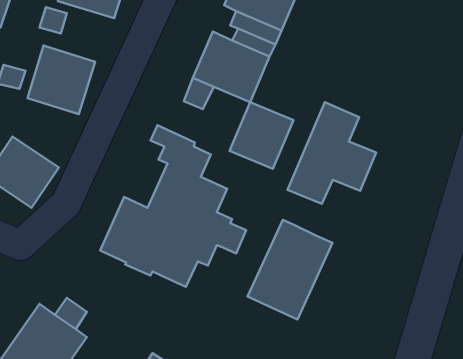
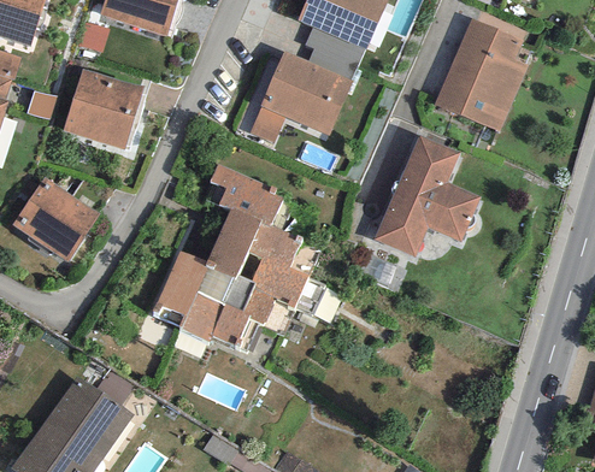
building: none -> [434,18,529,131]
building: [230,102,294,169] -> none
building: [248,220,333,320] -> none

